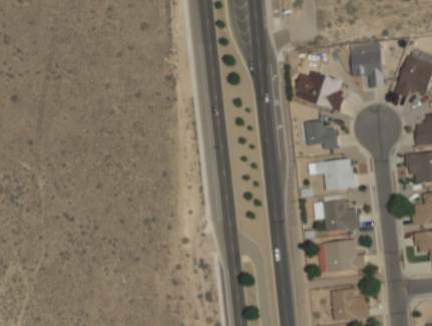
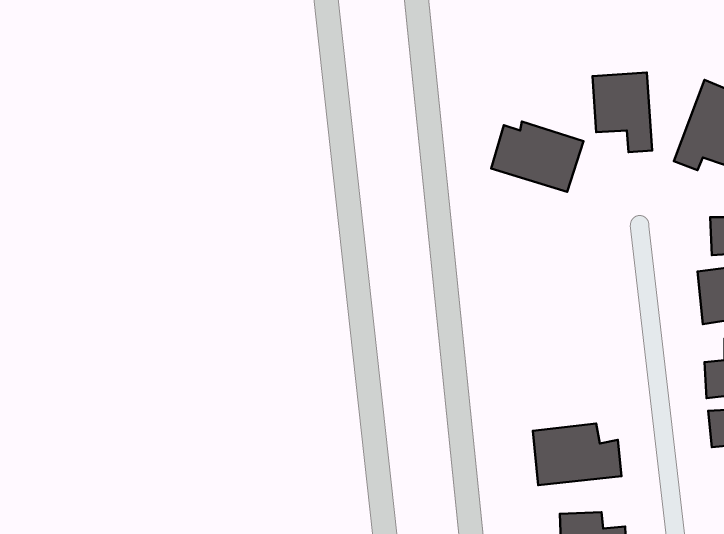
building: [305,122,338,149] -> none
building: [311,158,356,192] -> none
building: [313,199,361,232] -> none

